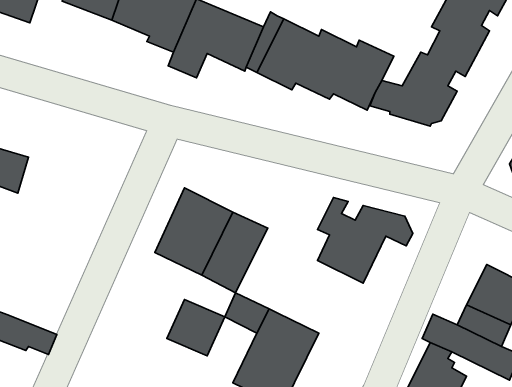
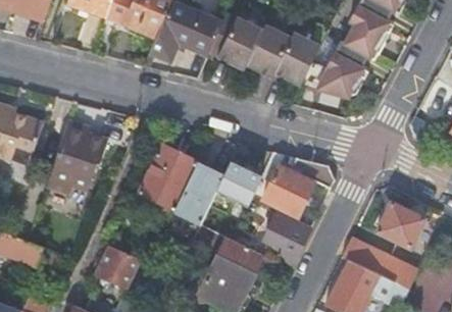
building: none -> [47,120,108,194]
building: none -> [216,162,262,207]
building: none -> [264,211,311,263]
building: [167,299,225,356] -> [96,247,140,290]

